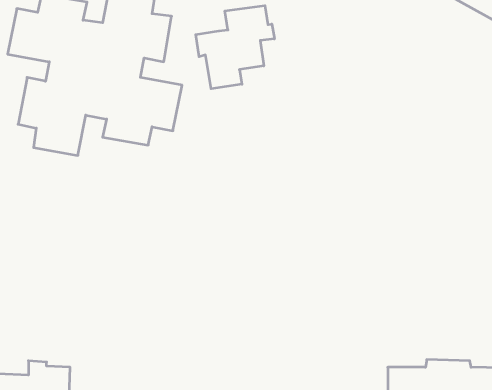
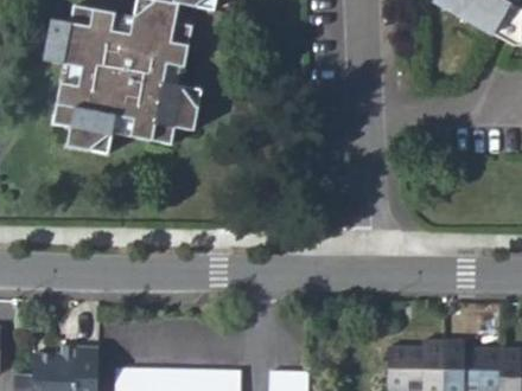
building: [196,6,274,89] -> none

